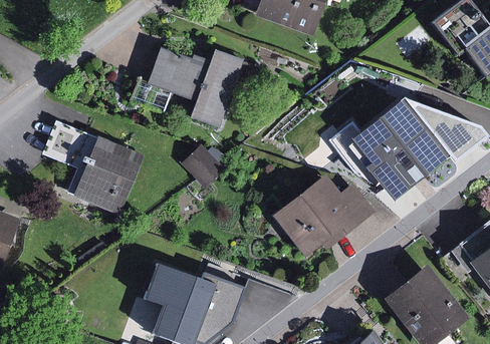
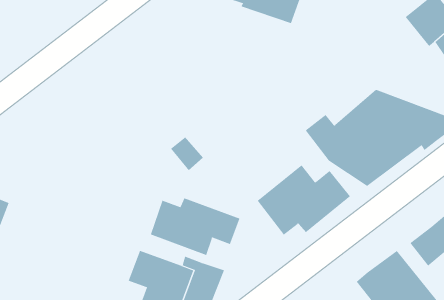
building: [154,49,243,124] -> none
building: [49,121,145,212] -> none
building: none -> [150,197,240,256]

